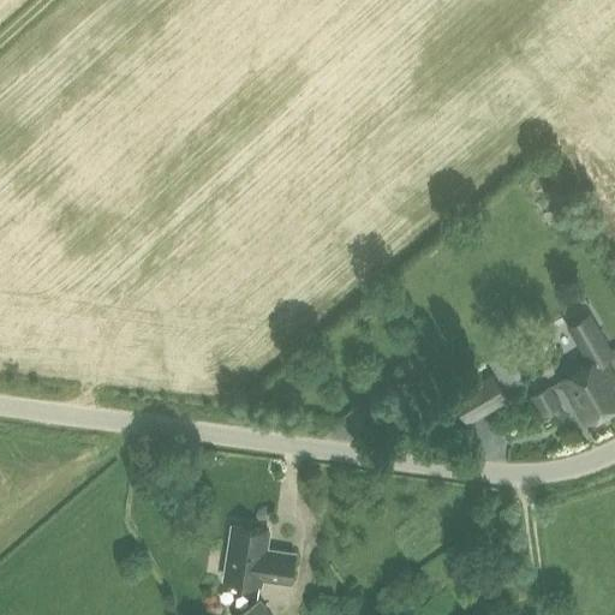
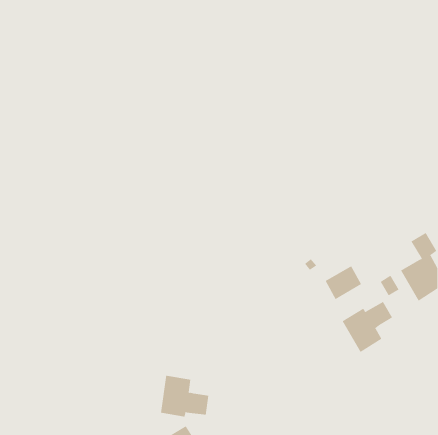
building: none -> [342,301,393,353]

